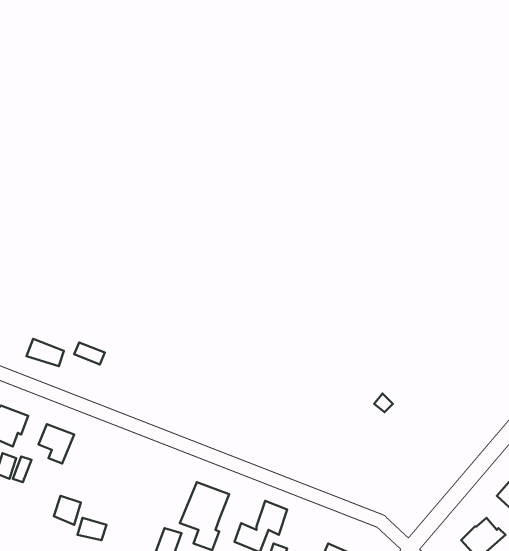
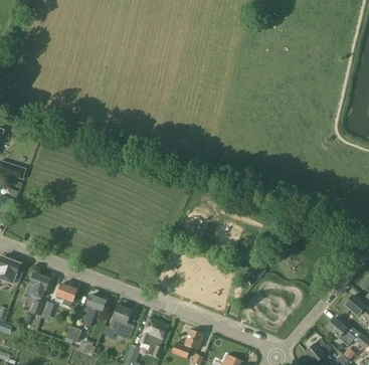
building: none -> [82,295,107,327]
building: none -> [103,305,135,340]

